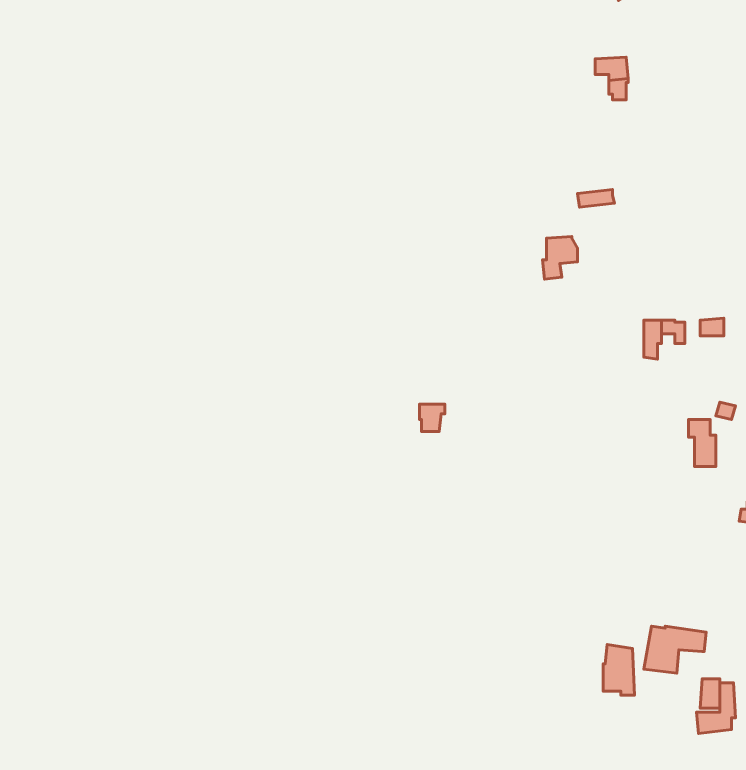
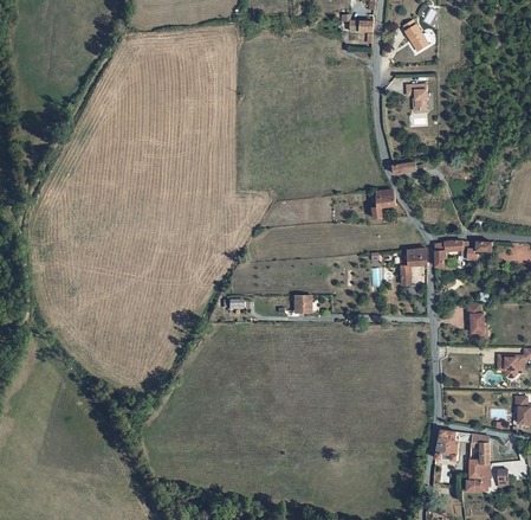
building: none -> [403,250,427,288]
building: [603,644,635,695] -> [471,434,490,464]

